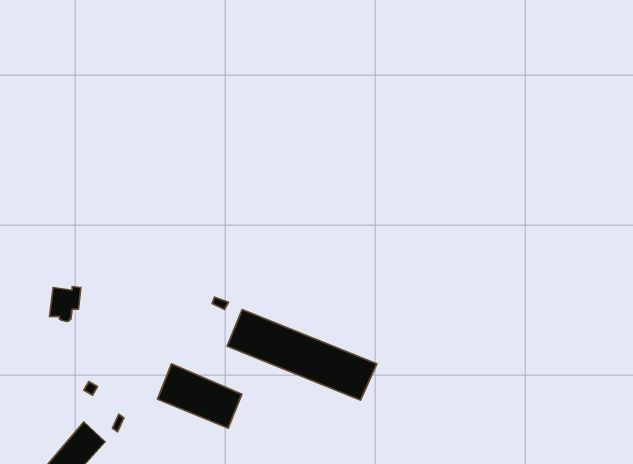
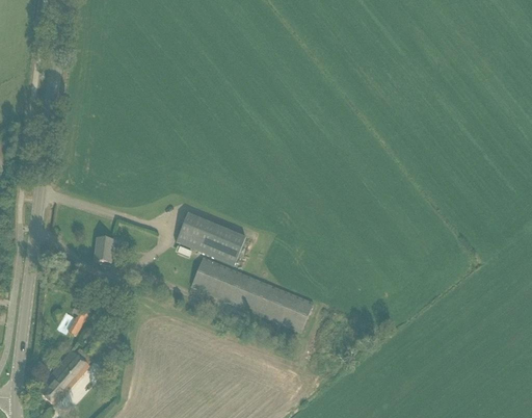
building: [49,286,81,322] -> [94,236,119,265]
building: [158,364,242,428] -> [176,212,245,265]

